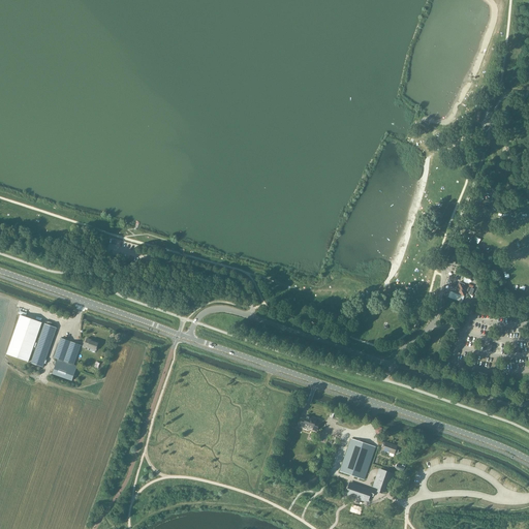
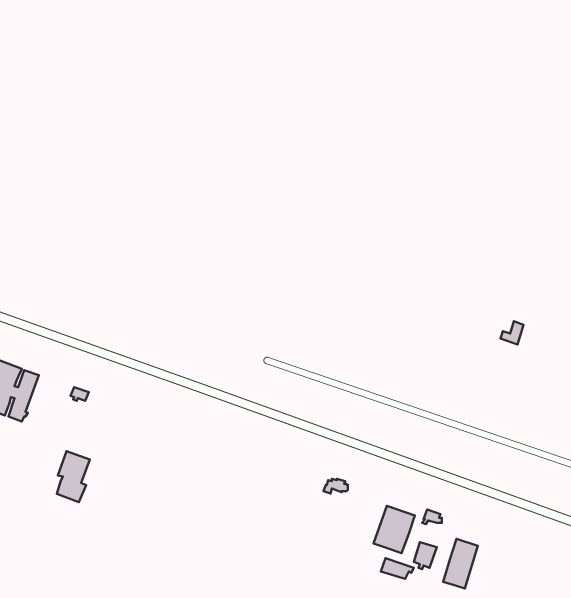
building: [53,336,81,379] -> [57,451,90,502]
building: none -> [443,539,478,589]

